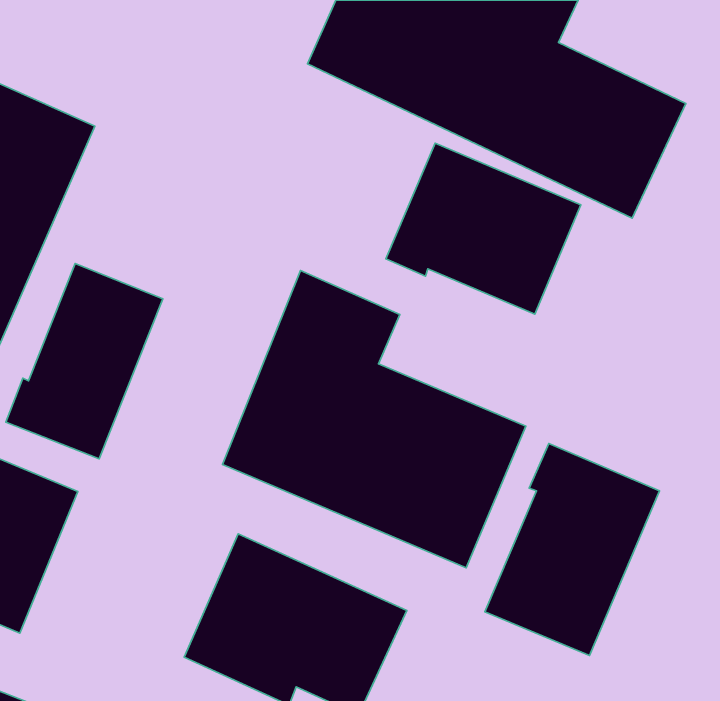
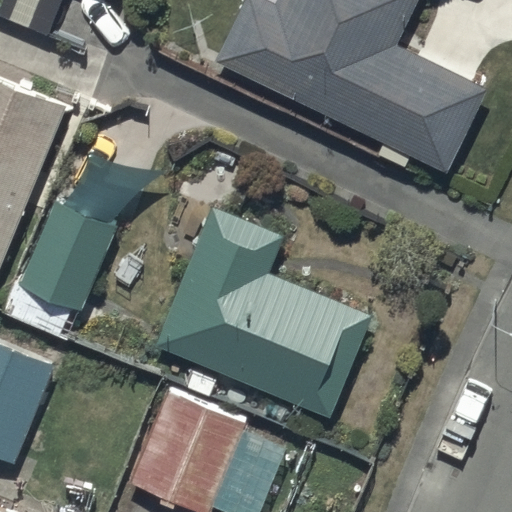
building: [386,143,581,314] -> none
building: [485,443,660,656] -> none

